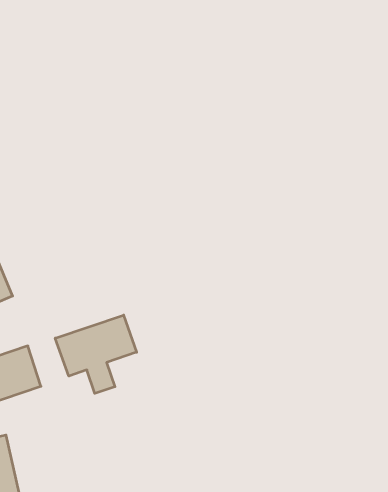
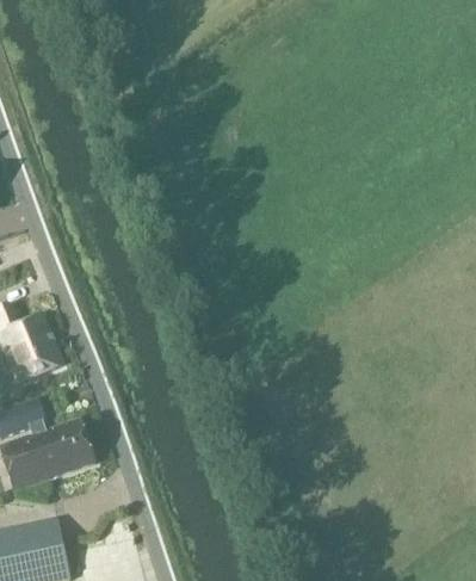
building: [55,315,137,393] -> none

